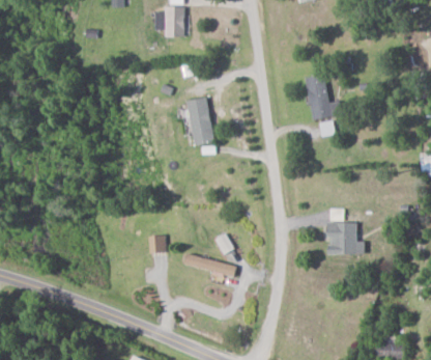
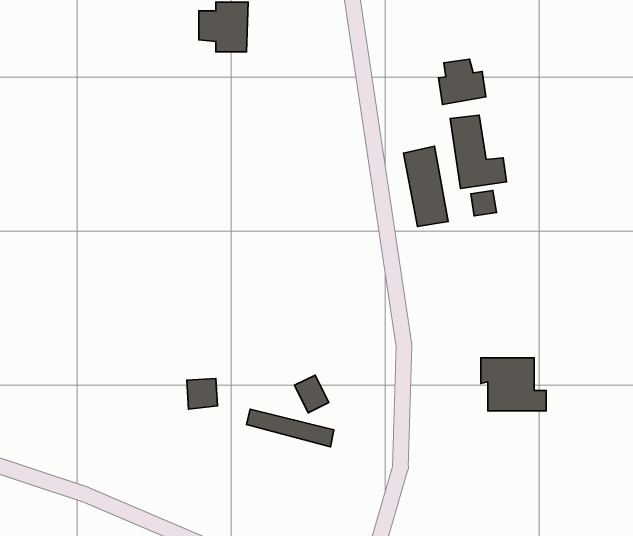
building: none -> [438,59,486,105]
building: [186,96,213,145] -> [404,146,448,227]

